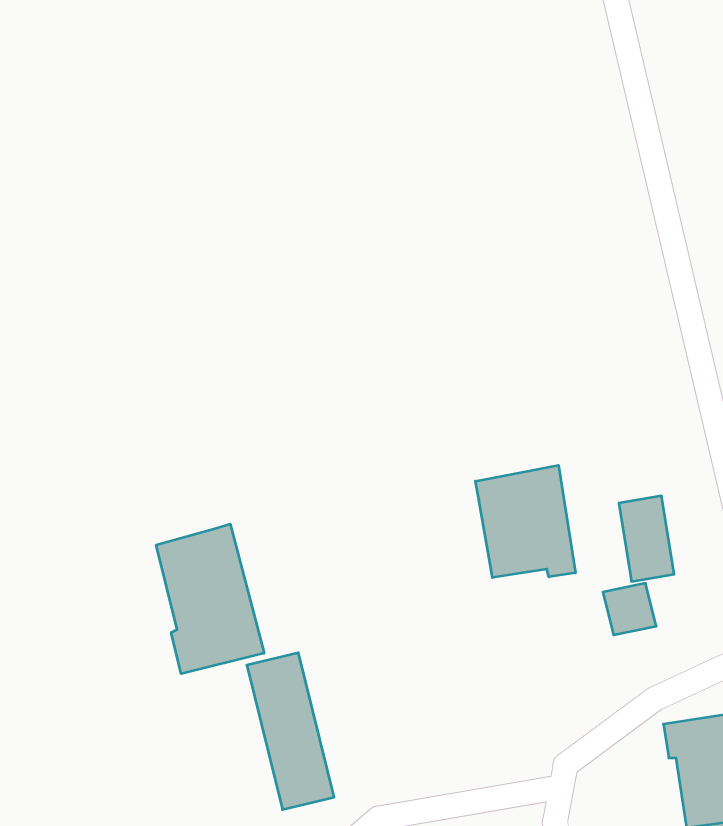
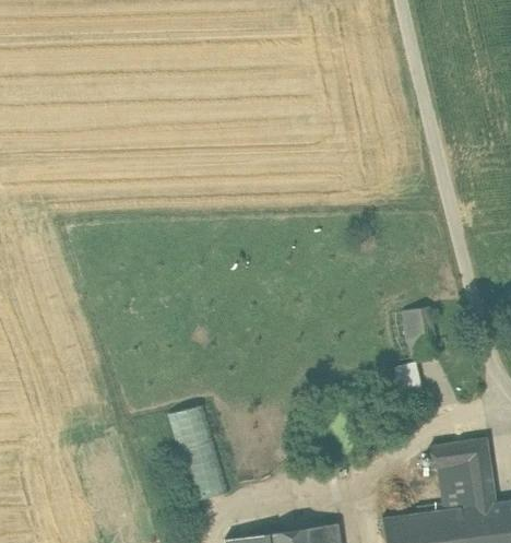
building: [475,465,575,578] -> none
building: [156,524,264,674] -> none

